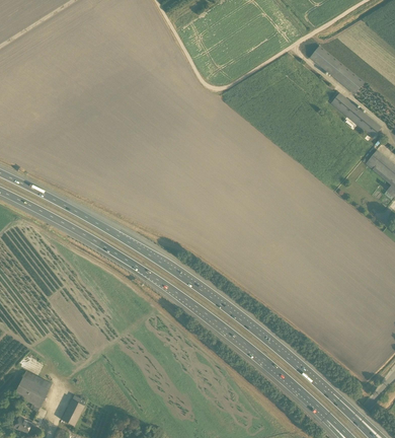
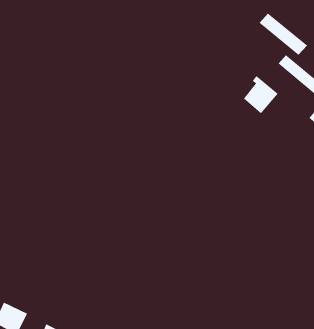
building: none -> [243,75,279,114]

